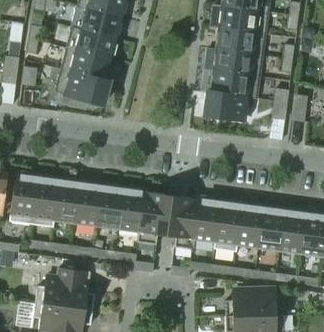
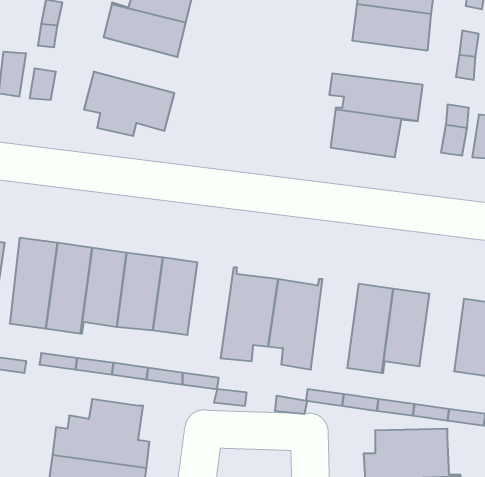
building: [60,47,111,81] -> none
building: [205,47,263,76] -> none
building: [117,184,145,242] -> none
building: [192,194,221,249] -> none
building: [258,203,285,250] -> none

